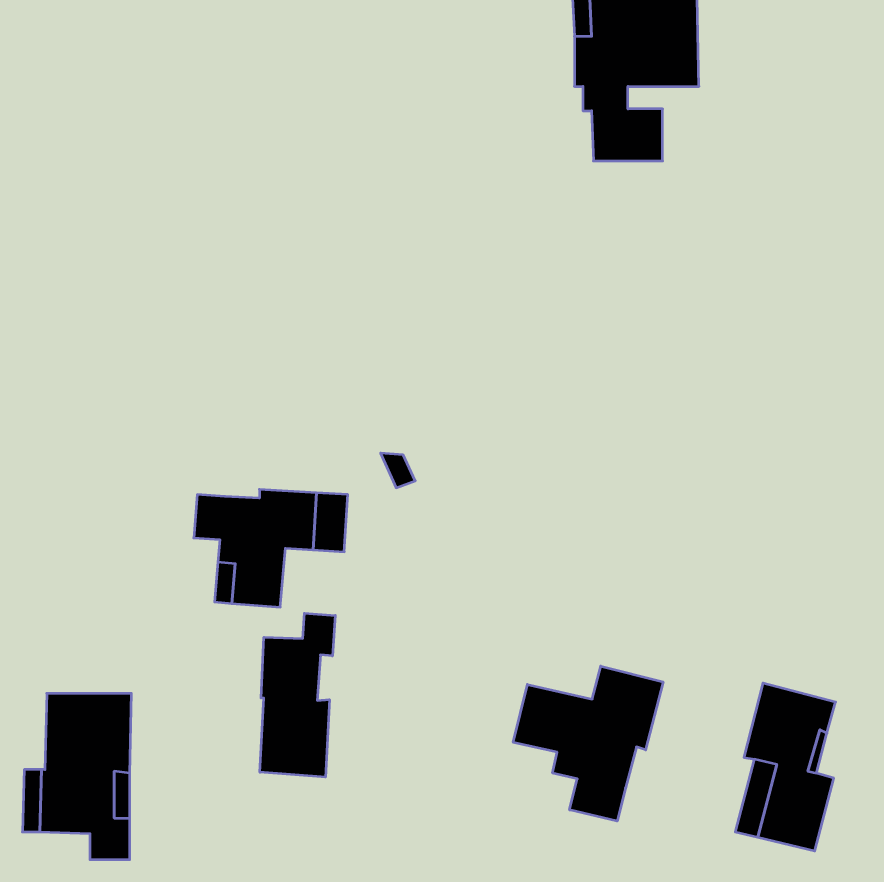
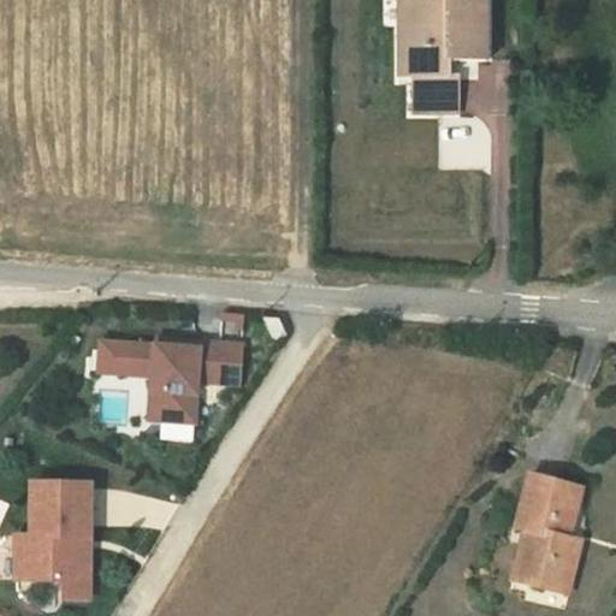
building: none -> [99,342,137,374]
building: [260,613,335,777] -> none
building: [513,666,663,821] -> none

